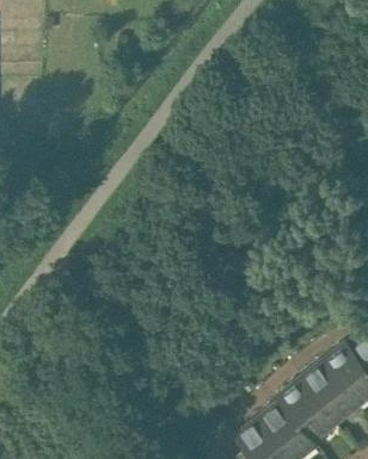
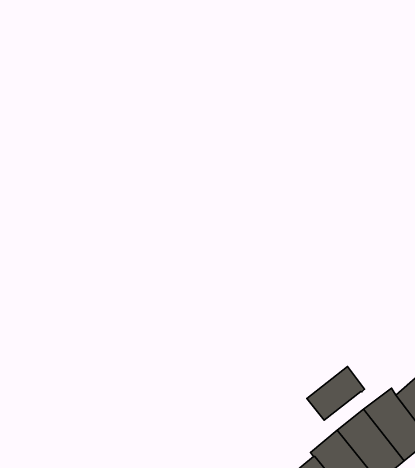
building: none -> [307,367,365,420]

